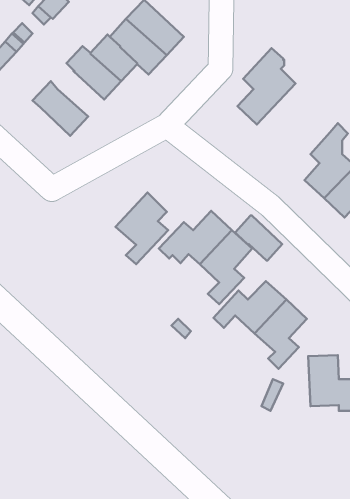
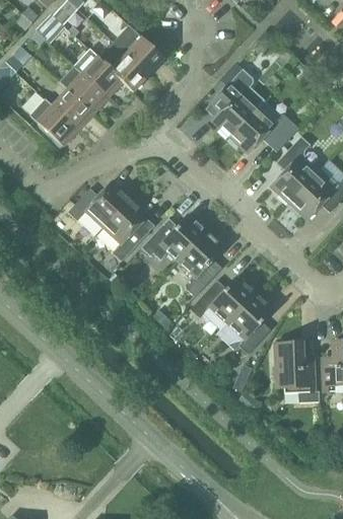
building: none -> [52,88,93,129]
building: none -> [229,99,299,152]
building: none -> [69,180,132,227]
building: [235,215,282,260] -> none

